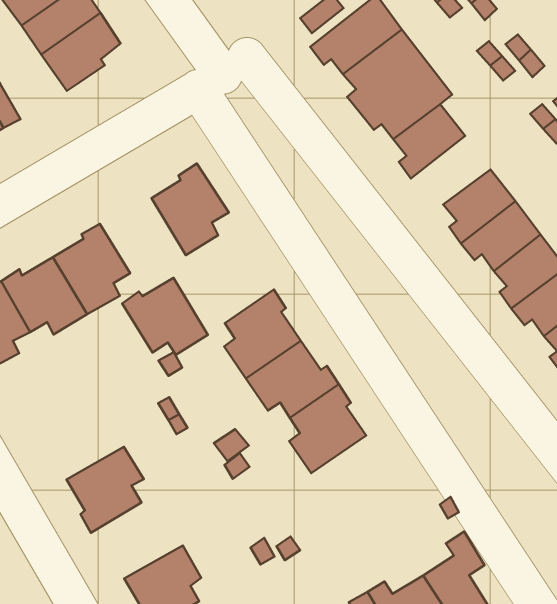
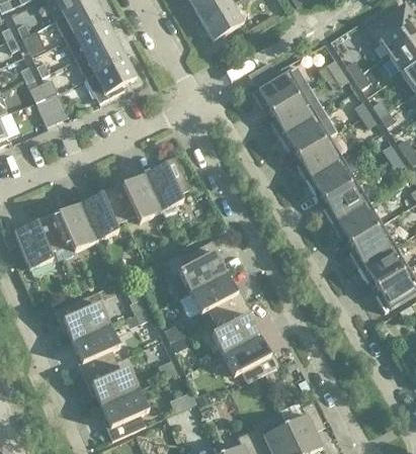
building: none -> [304,158,353,198]
building: [122,278,208,355] -> [109,174,160,221]
building: none -> [53,295,108,341]
building: none -> [222,335,278,381]
building: none -> [82,360,138,405]

